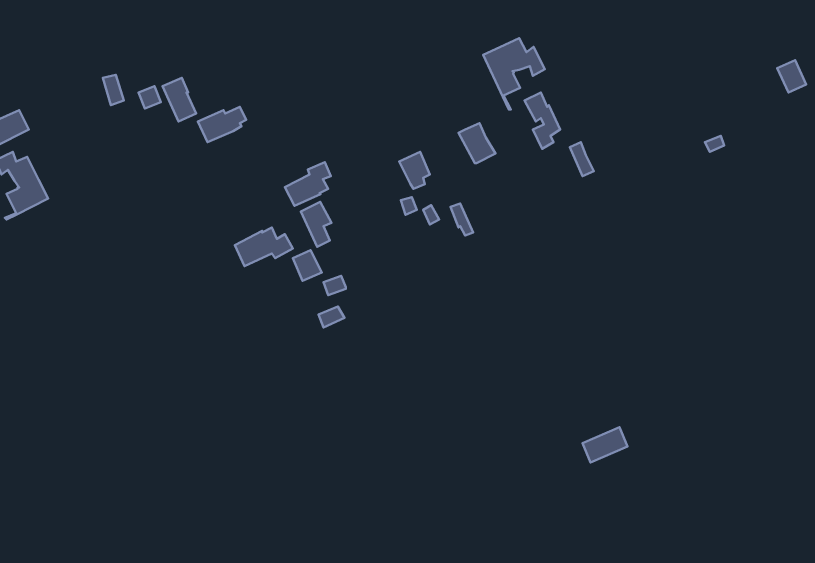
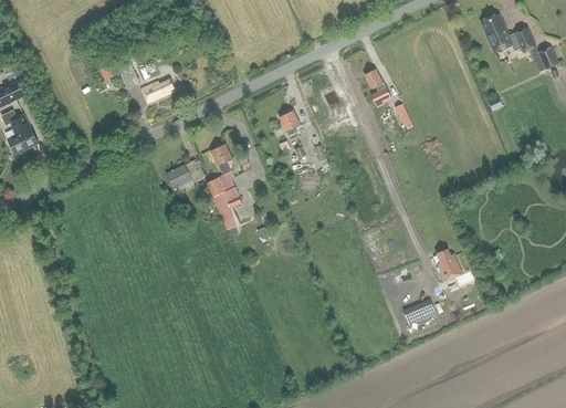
building: none -> [481,13,536,52]
building: [483,38,545,110] -> none
building: [285,162,331,206] -> none
building: none -> [438,249,462,281]

